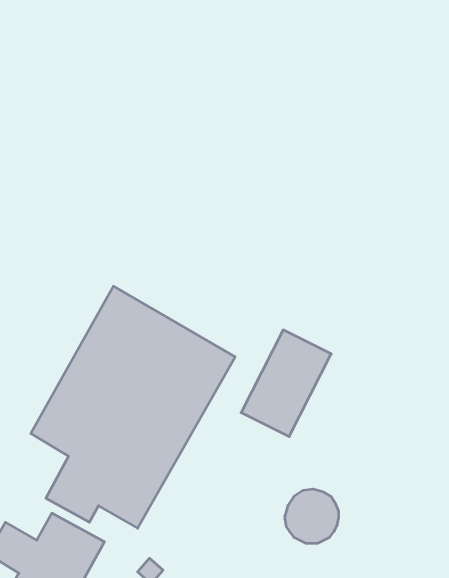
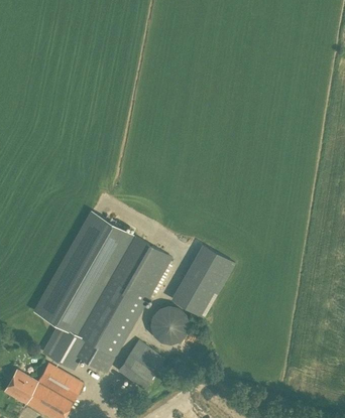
building: none -> [117,340,164,391]
building: [285,489,339,543] -> [150,307,187,343]

